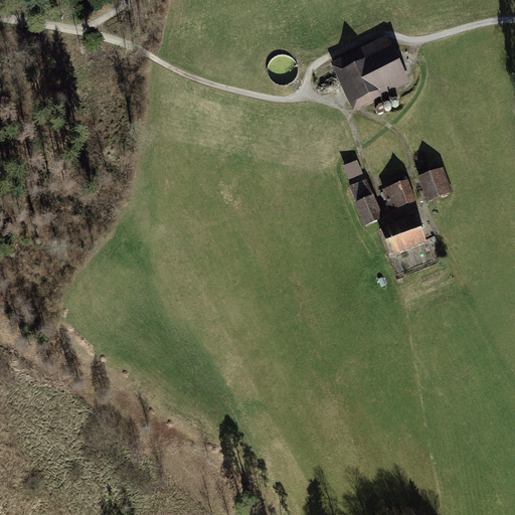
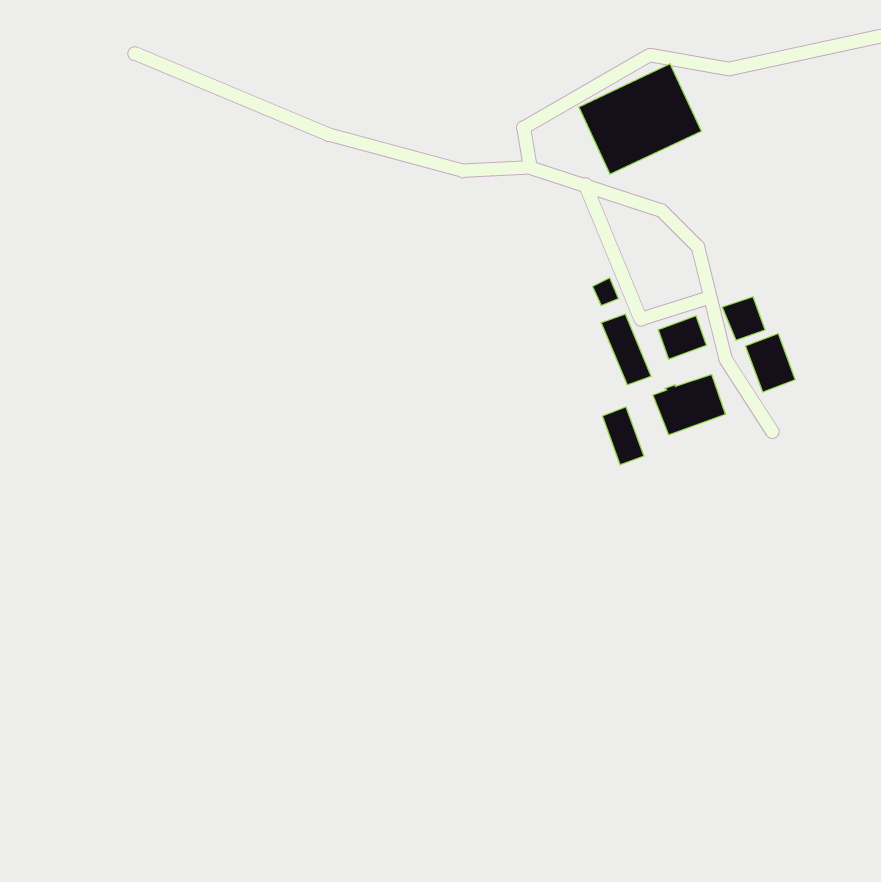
building: none -> [746,334,795,392]
building: none -> [602,407,644,465]

